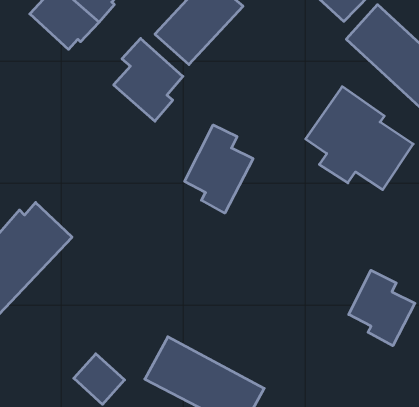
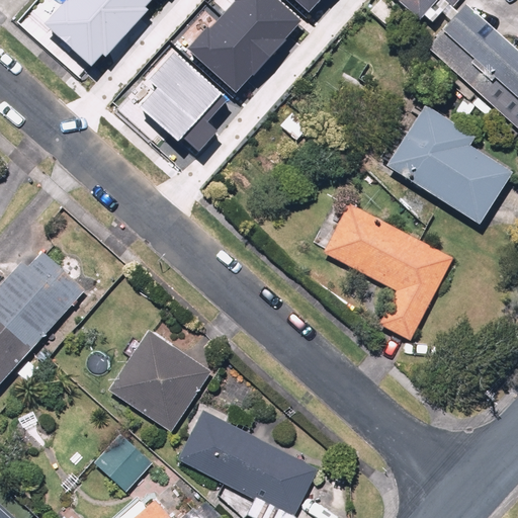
building: [185,125,253,213] -> none
building: none -> [319,205,448,345]
building: none -> [115,327,218,428]
building: [349,270,415,346] -> none

